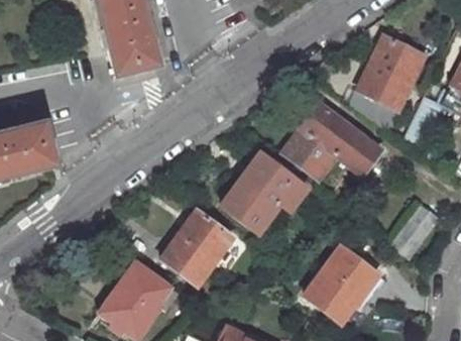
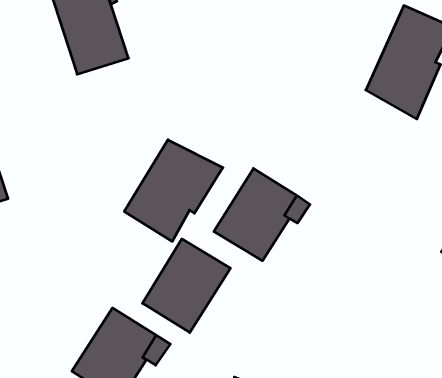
building: [281,105,374,180] -> none
building: none -> [124,140,223,241]
building: [304,244,386,321] -> none

